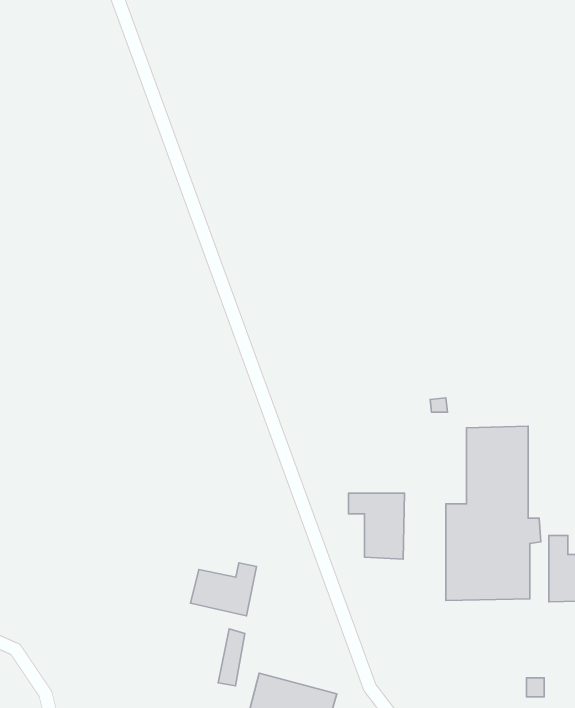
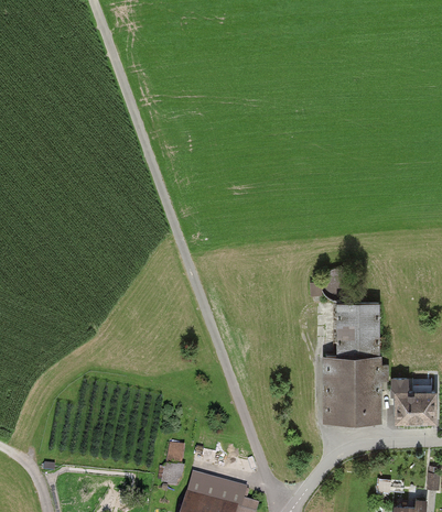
building: [348,493,404,559] -> none
building: [190,563,257,616] -> none

